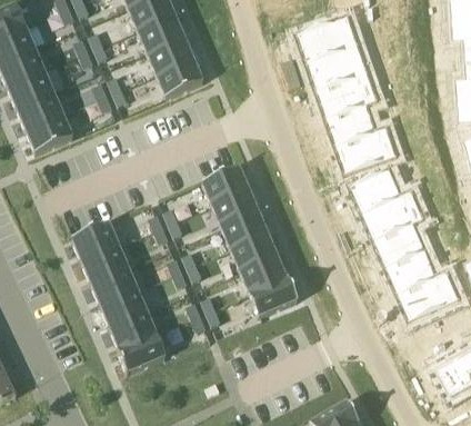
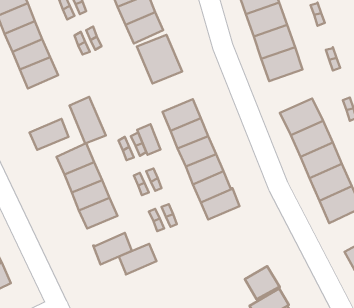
building: none -> [137,35,182,83]
building: [334,129,385,172] -> none
building: none -> [69,97,106,144]
building: none -> [29,119,69,150]
building: none -> [137,124,160,155]
building: [109,310,156,348] -> [119,244,156,274]
building: none -> [245,266,280,299]

